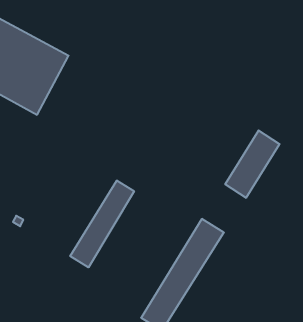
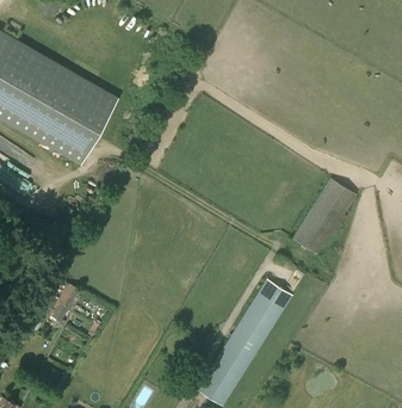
building: [70,180,134,267] -> none
building: none -> [43,284,79,322]

